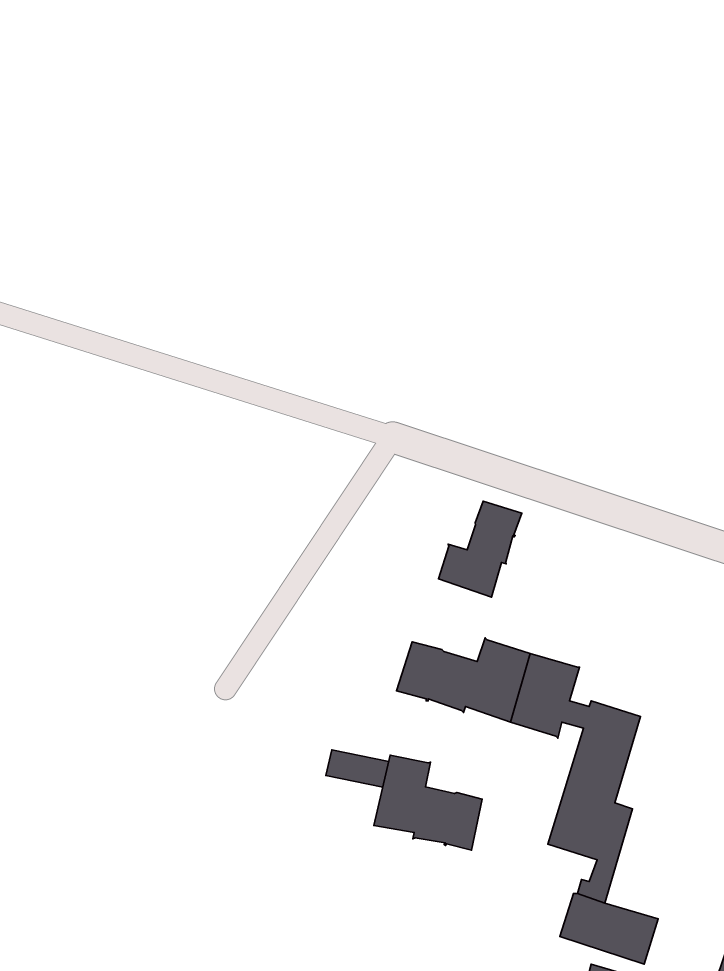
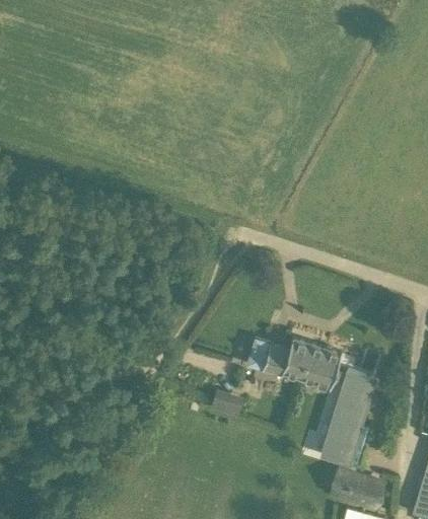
building: [438,501,522,597] -> none
building: [374,755,482,850] -> none

